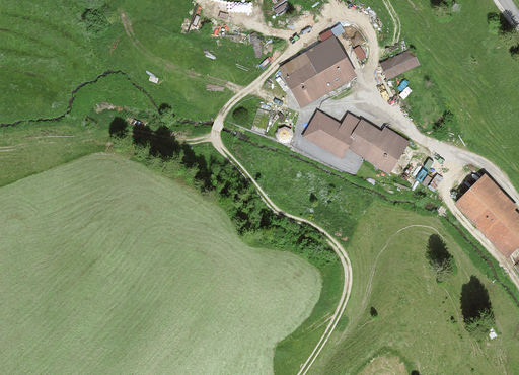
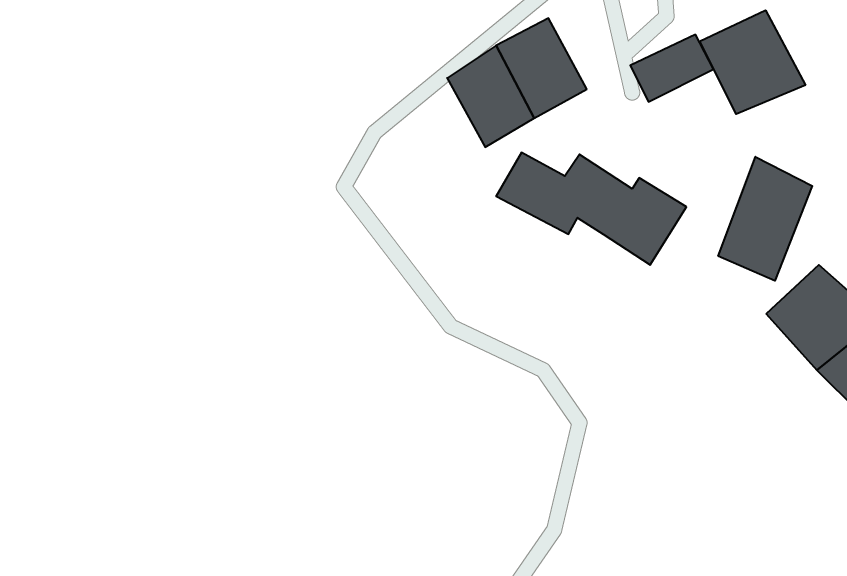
building: none -> [700,10,805,114]
building: none -> [718,157,812,281]

